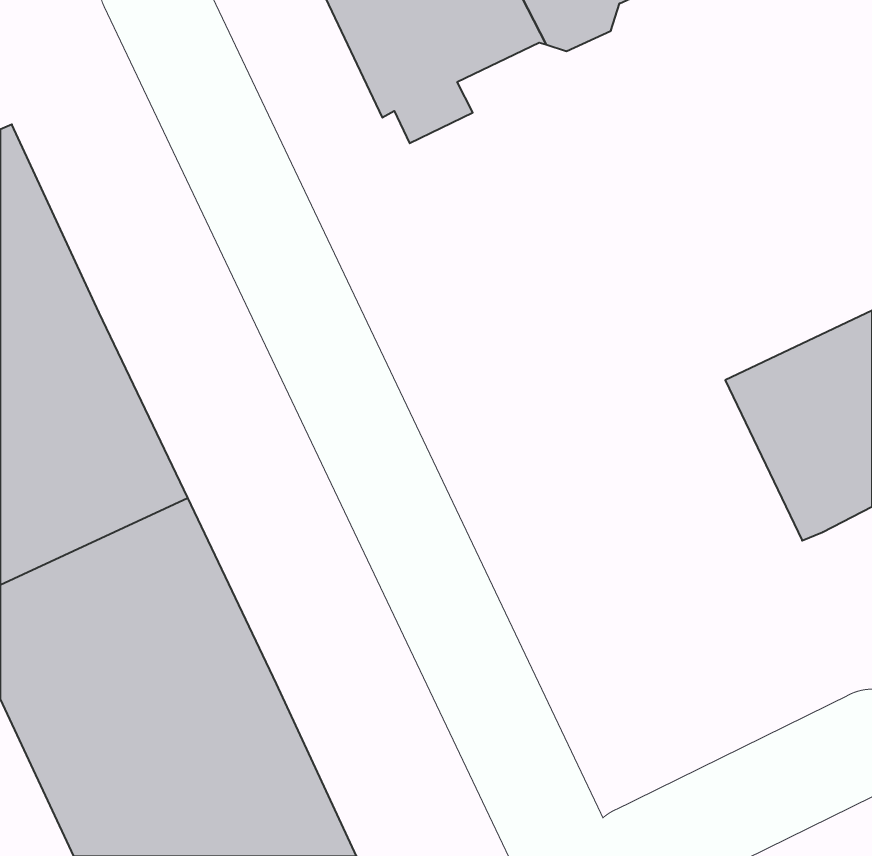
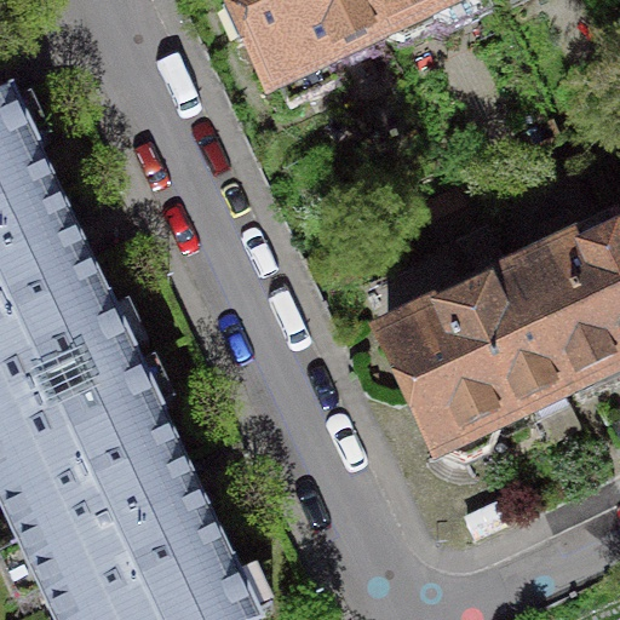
building: none -> [388,270,569,455]

